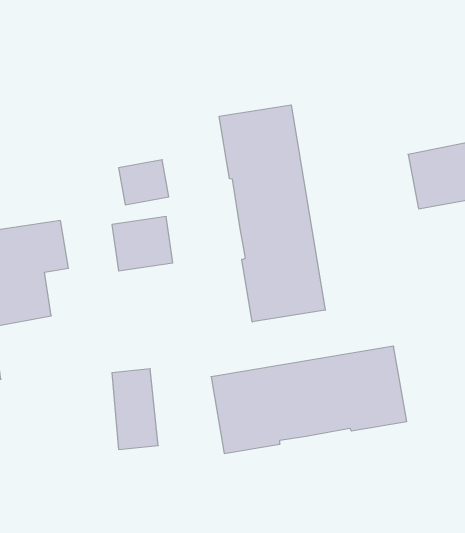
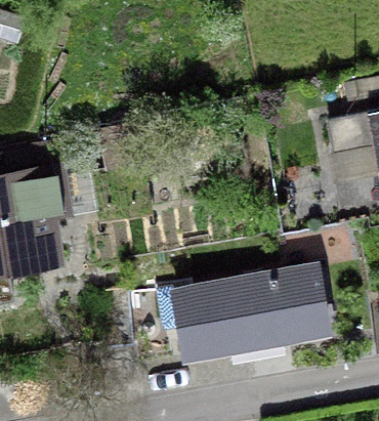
building: [219,105,325,322] -> none

